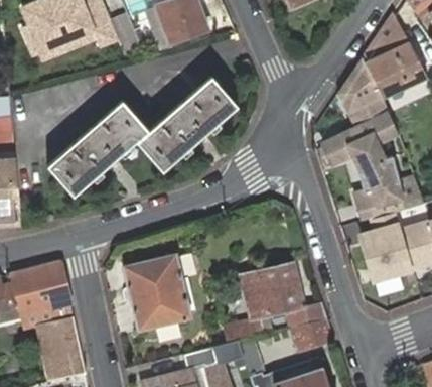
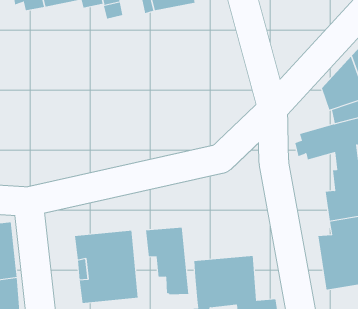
building: [45,77,238,198] -> none
building: none -> [145,227,189,295]

